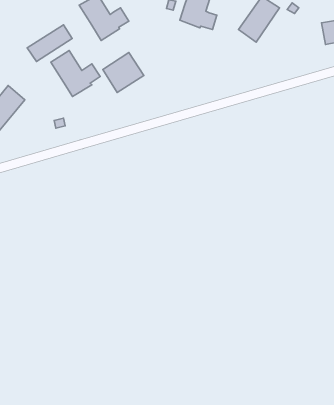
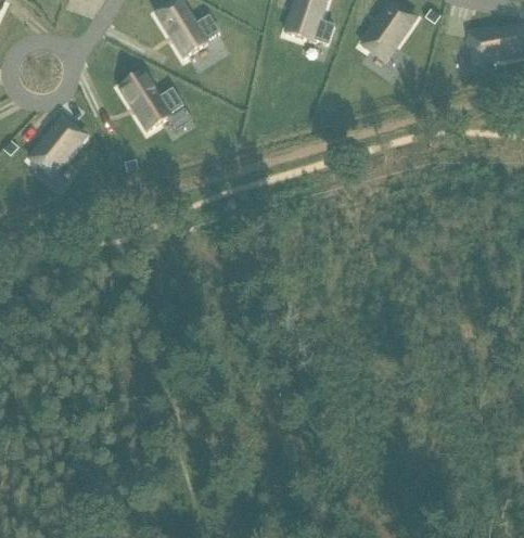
building: [27,25,72,62] -> none
building: [103,52,144,92] -> none

